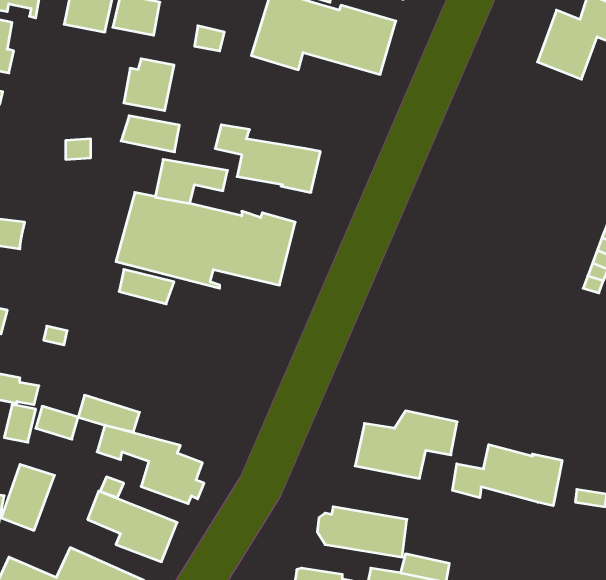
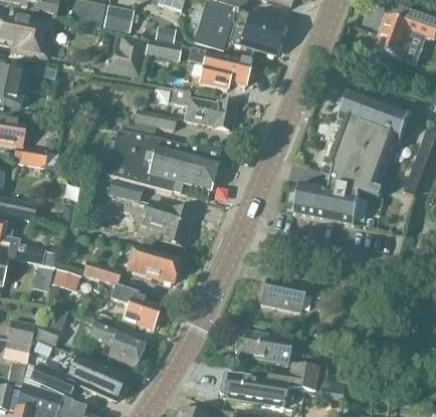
building: none -> [200,51,251,87]
building: [121,116,179,152] -> [145,38,182,61]
building: none -> [295,89,411,223]
building: none -> [143,202,192,246]
building: none -> [126,245,180,282]
building: [452,445,562,506] -> none

